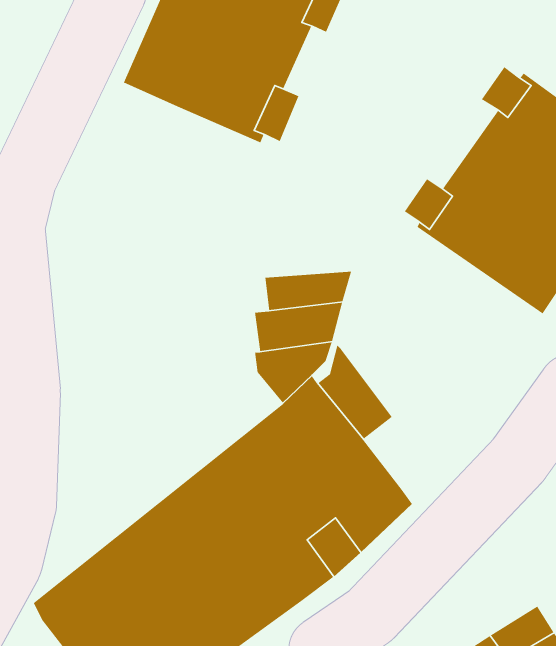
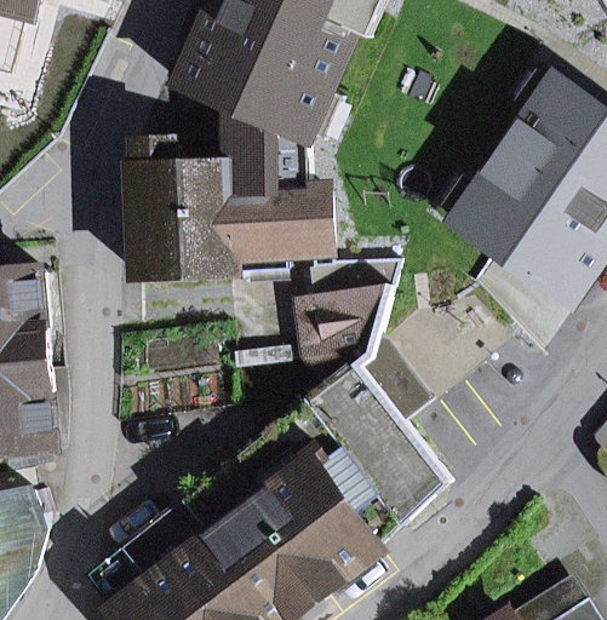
building: none -> [132,111,332,281]

